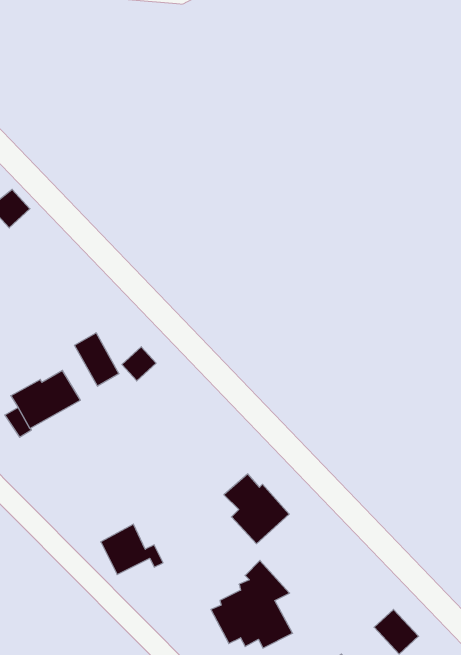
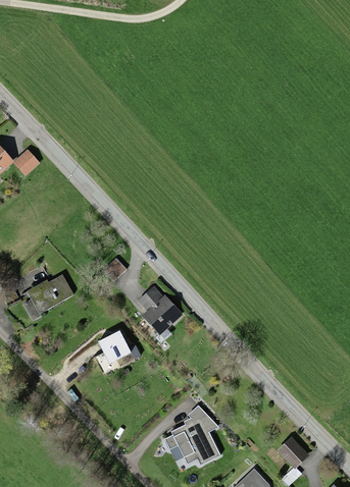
building: [75,333,119,386] -> none
building: [224,474,289,544] -> [138,286,183,334]
building: [101,524,163,575] -> [98,329,141,364]

